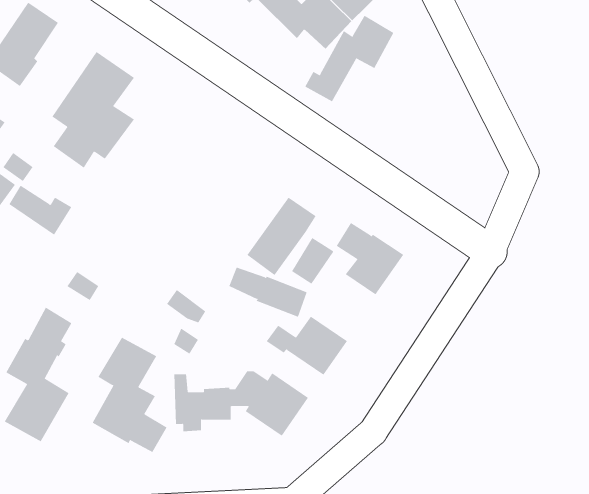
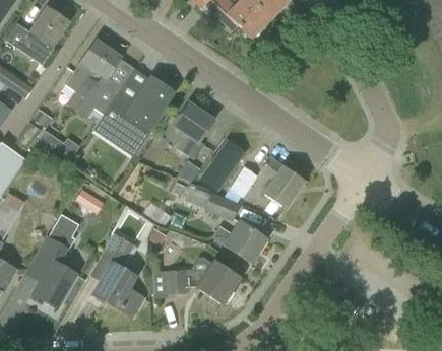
building: [304,15,394,102] -> none
building: none -> [92,76,175,158]
building: none -> [175,101,215,169]

